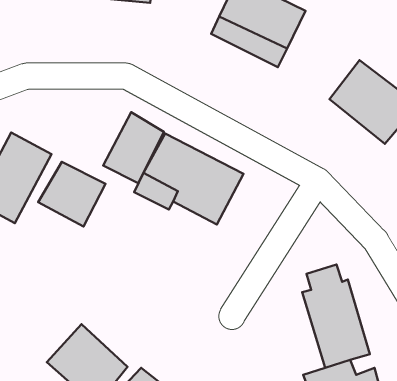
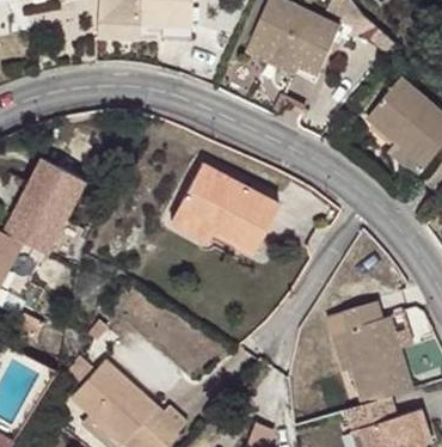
building: [103,112,164,183] -> none
building: [38,162,106,226] -> none

